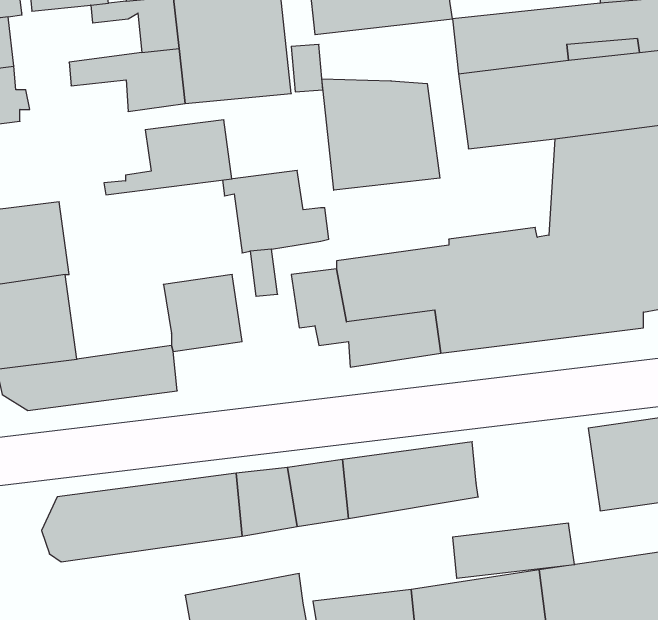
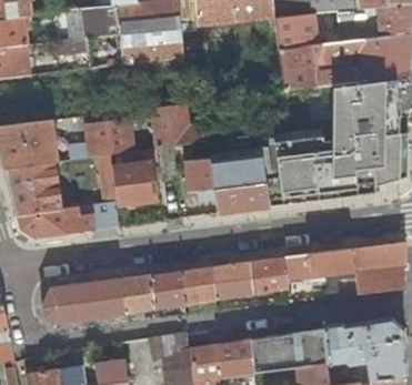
building: [322,79,440,190] -> none
building: [104,120,232,195] -> [62,119,134,161]
building: [453,523,575,578] -> [285,249,354,280]

